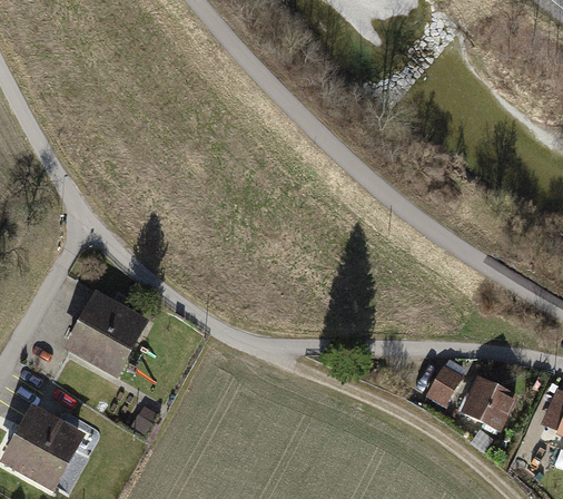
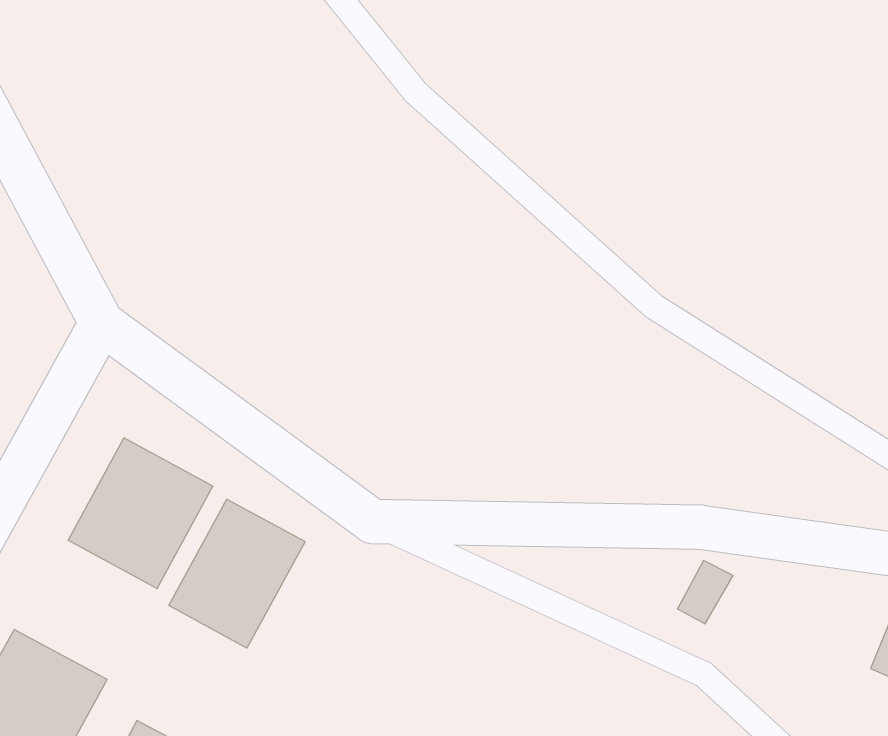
building: none -> [169,499,305,648]
building: [460,376,516,430] -> none

